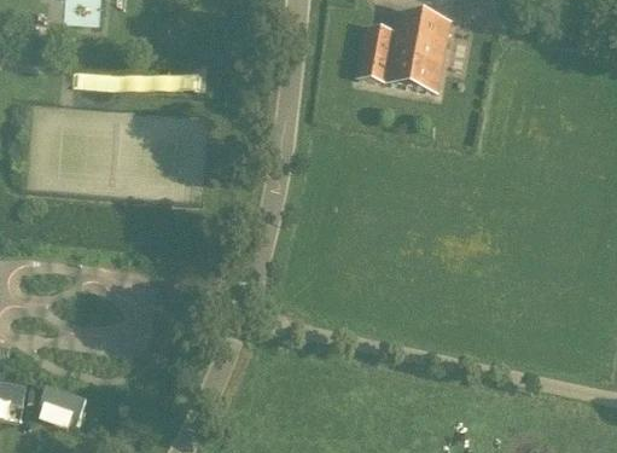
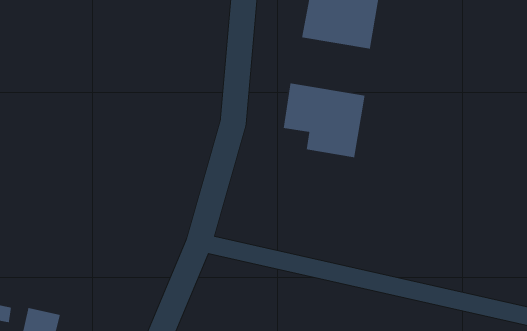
building: none -> [283,82,366,158]

